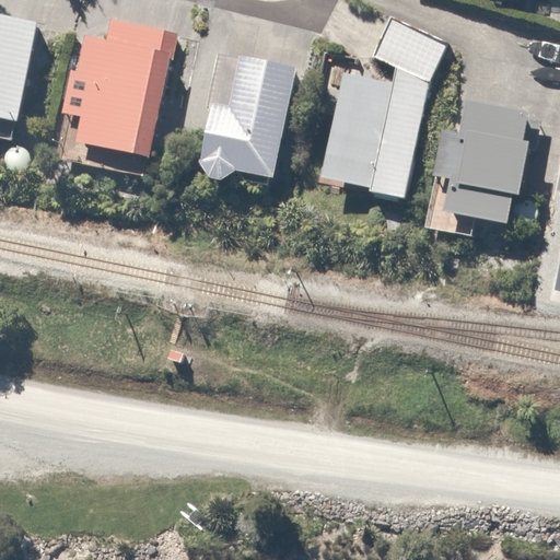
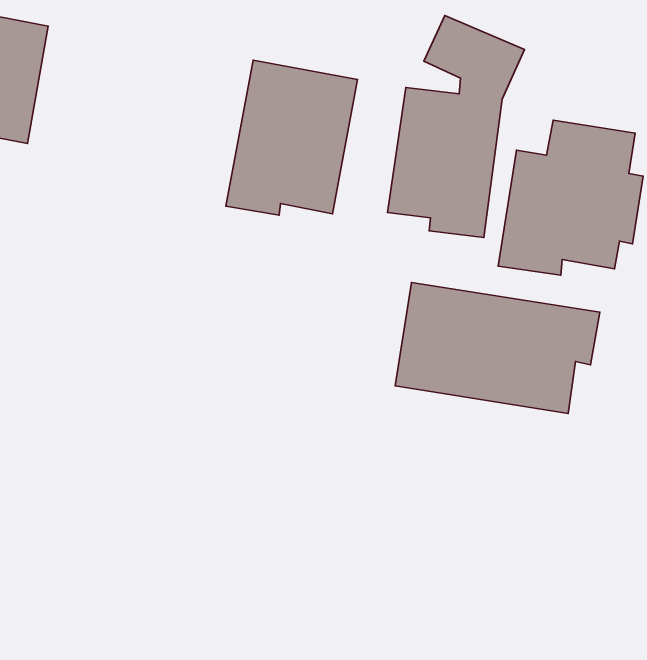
building: [58,14,171,156] -> none
building: none -> [395,282,600,414]

